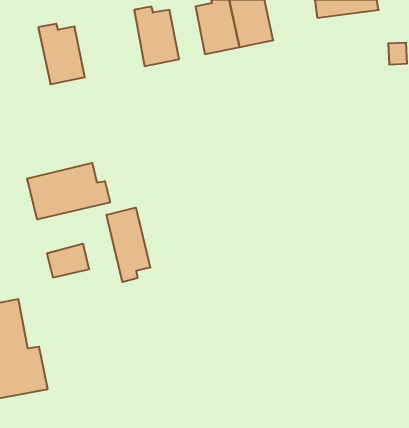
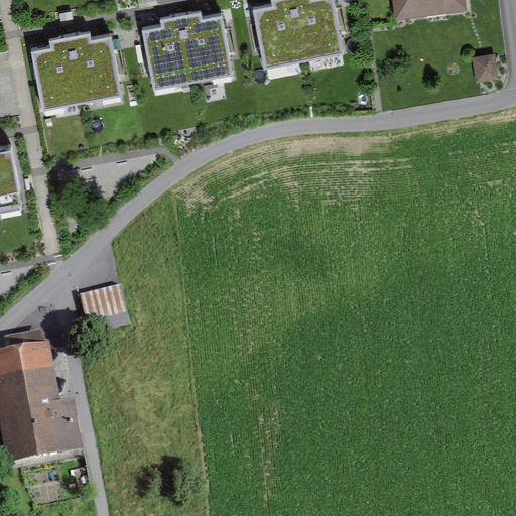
building: none -> [140,12,191,86]
building: none -> [28,32,82,107]
building: [27,163,110,219] -> none
building: [107,208,150,282] -> none

